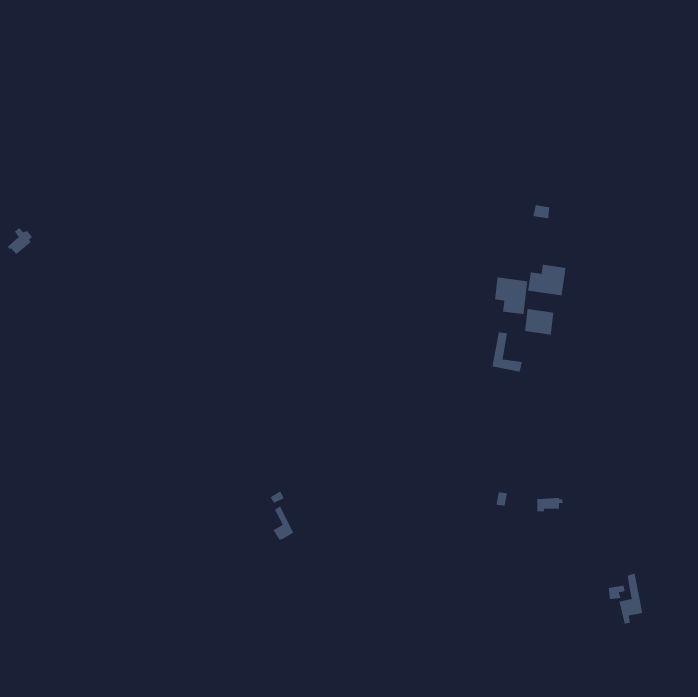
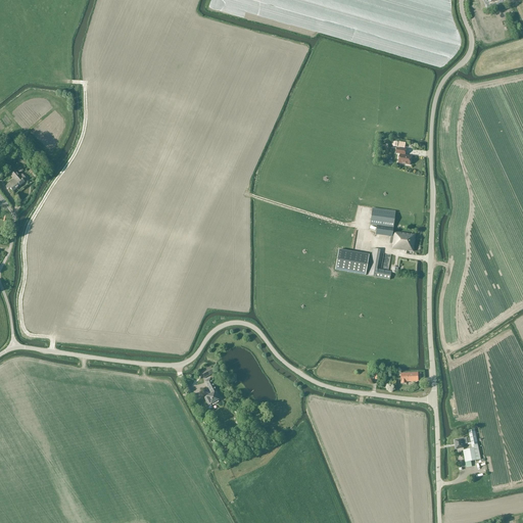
building: [527,264,566,296] -> none
building: none -> [335,248,368,274]

